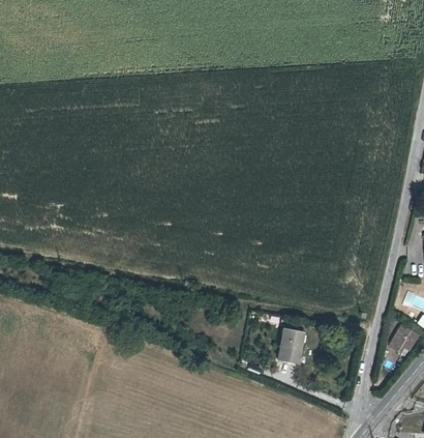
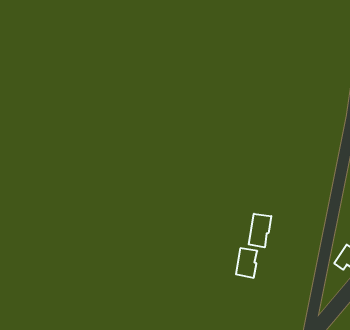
building: none -> [249,214,271,247]

